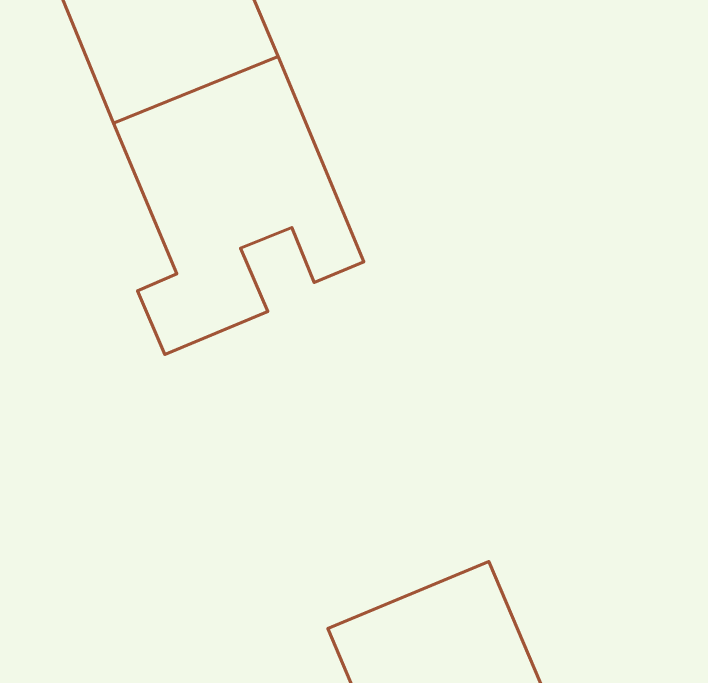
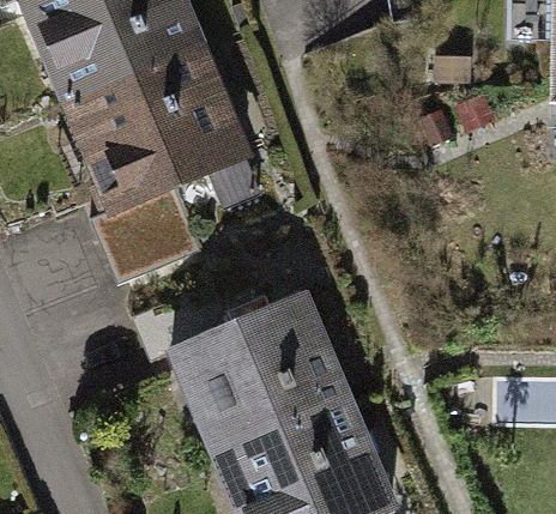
building: none -> [147,286,351,454]

